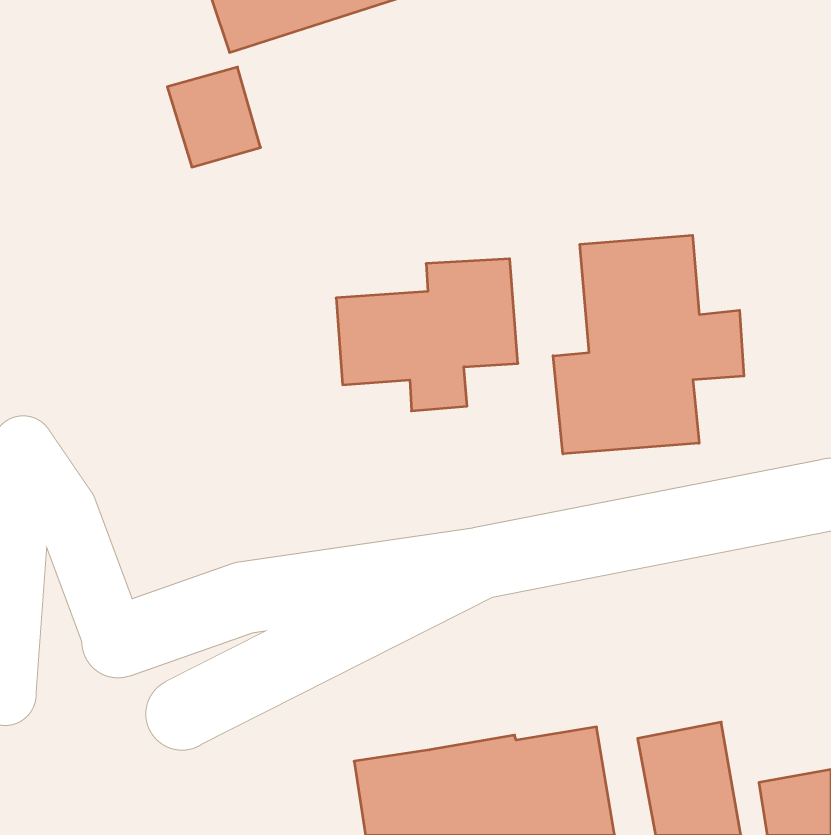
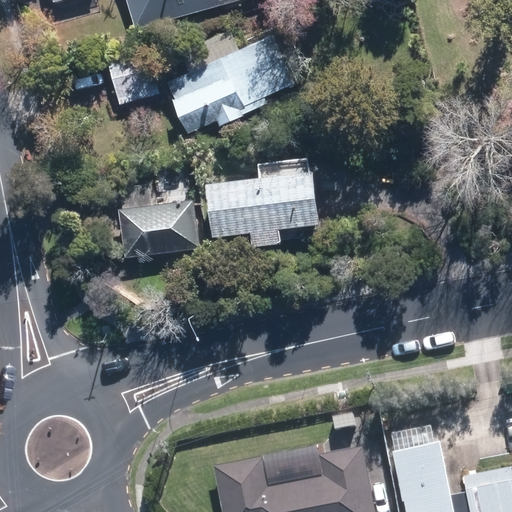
building: none -> [166,35,295,130]
building: [553,235,744,454] -> none
building: none -> [114,180,197,259]

